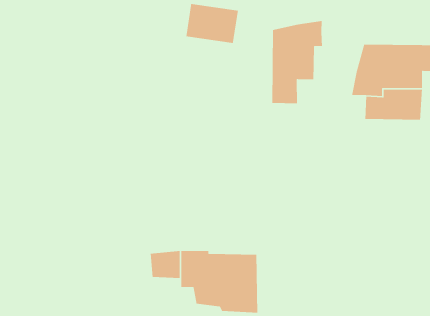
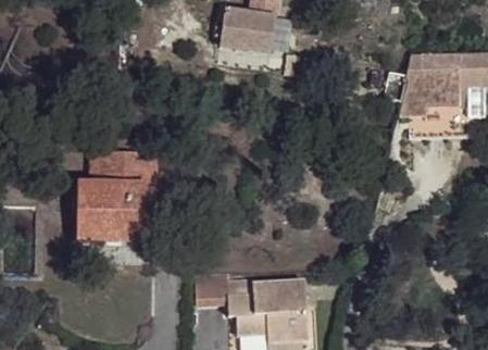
building: [271,20,323,104] -> none
building: none -> [79,152,160,239]

